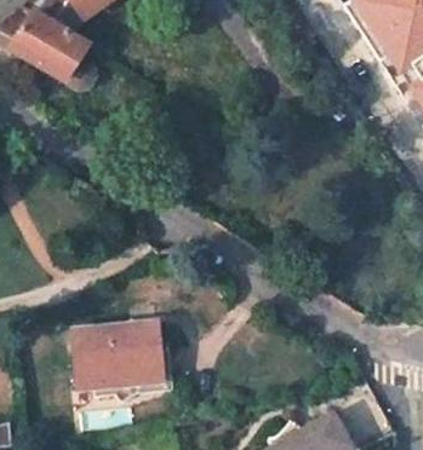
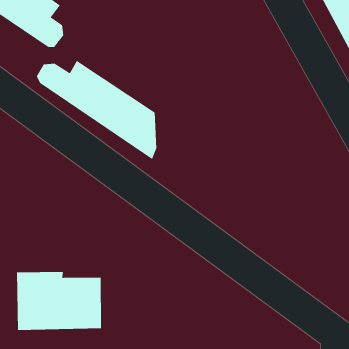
building: none -> [36,60,157,160]

